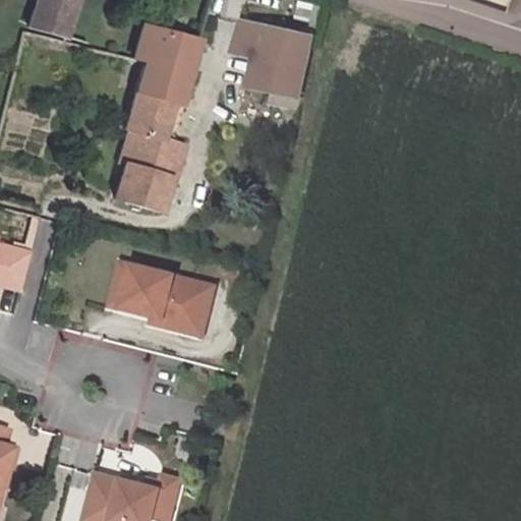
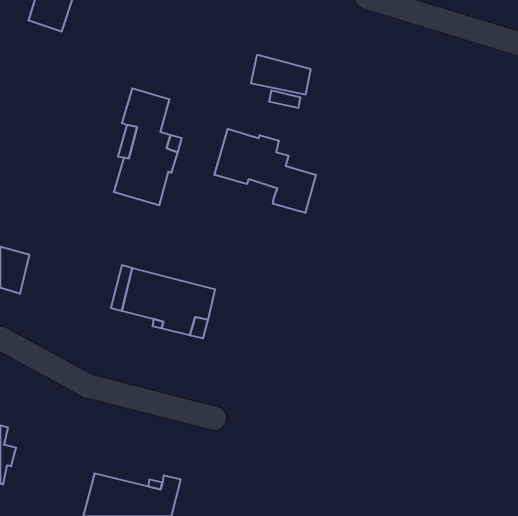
building: [235,19,321,69] -> none
building: [130,21,197,99] -> none
building: none -> [214,129,316,213]

